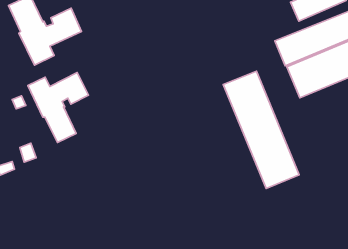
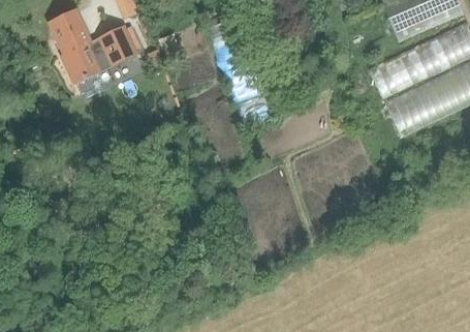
building: [223,71,299,188] -> none
building: [28,73,89,142] -> none

